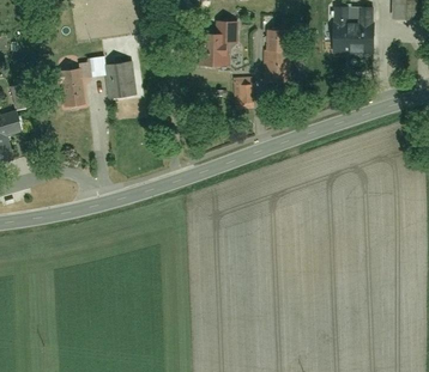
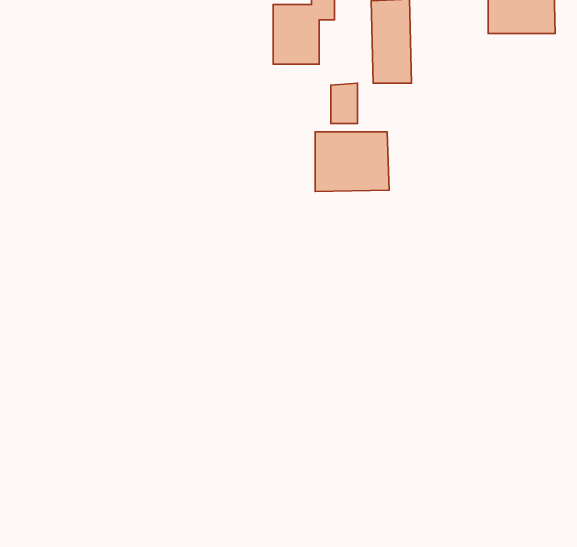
building: [58,54,128,108] -> none
building: none -> [315,132,389,192]

